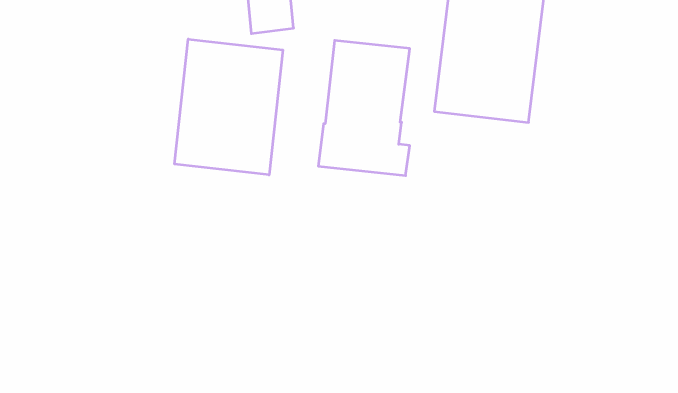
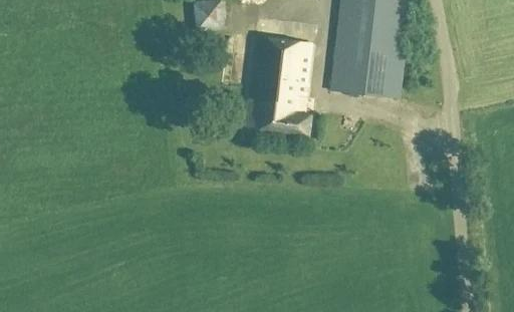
building: [175,39,283,175] -> none

